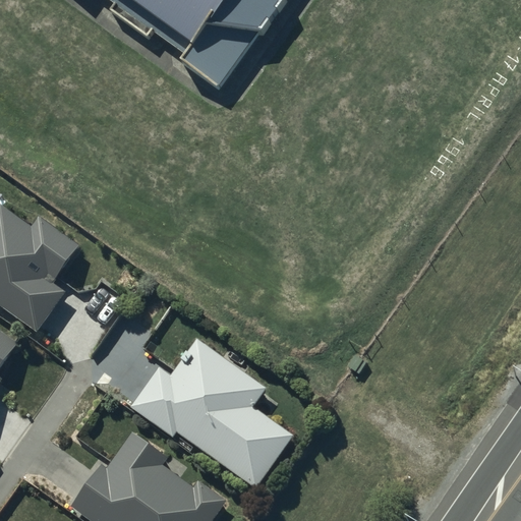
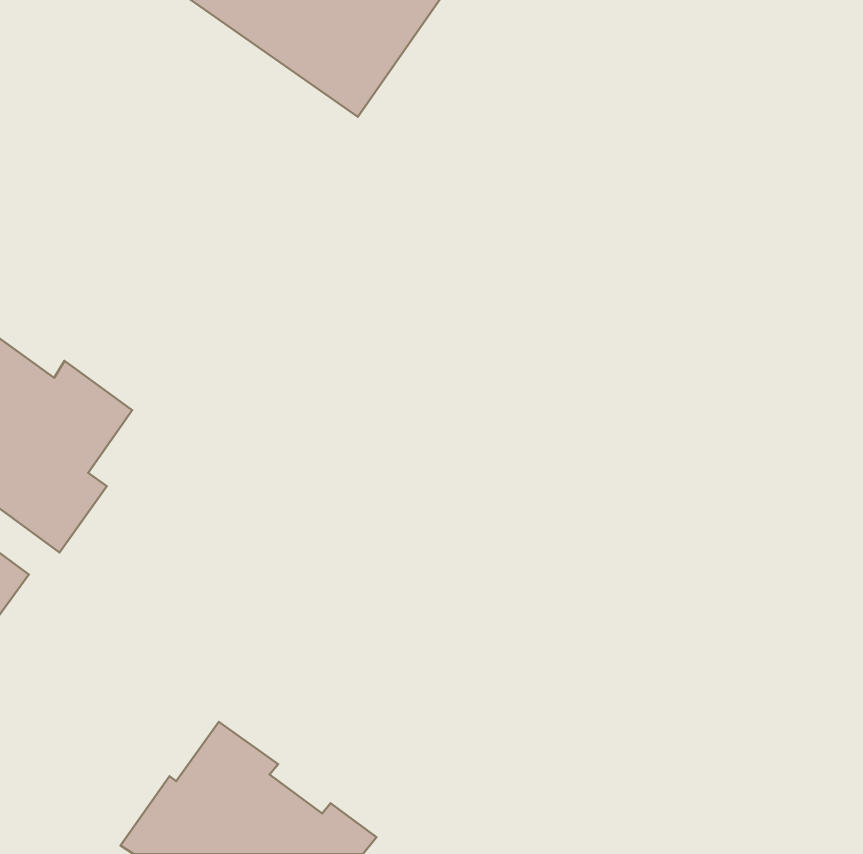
building: [132,340,293,489] -> none

